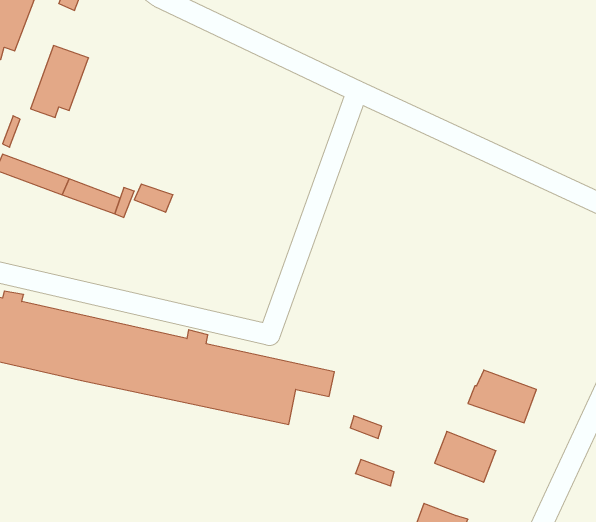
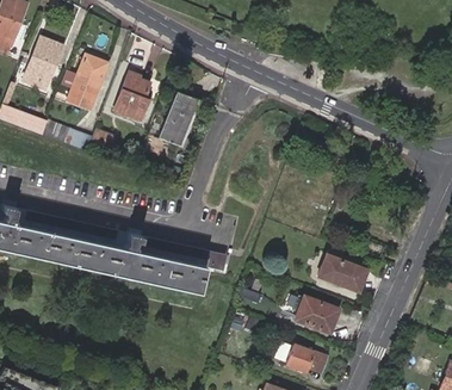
building: none -> [73,58,104,100]
building: none -> [118,76,153,120]
building: none -> [157,94,198,150]

